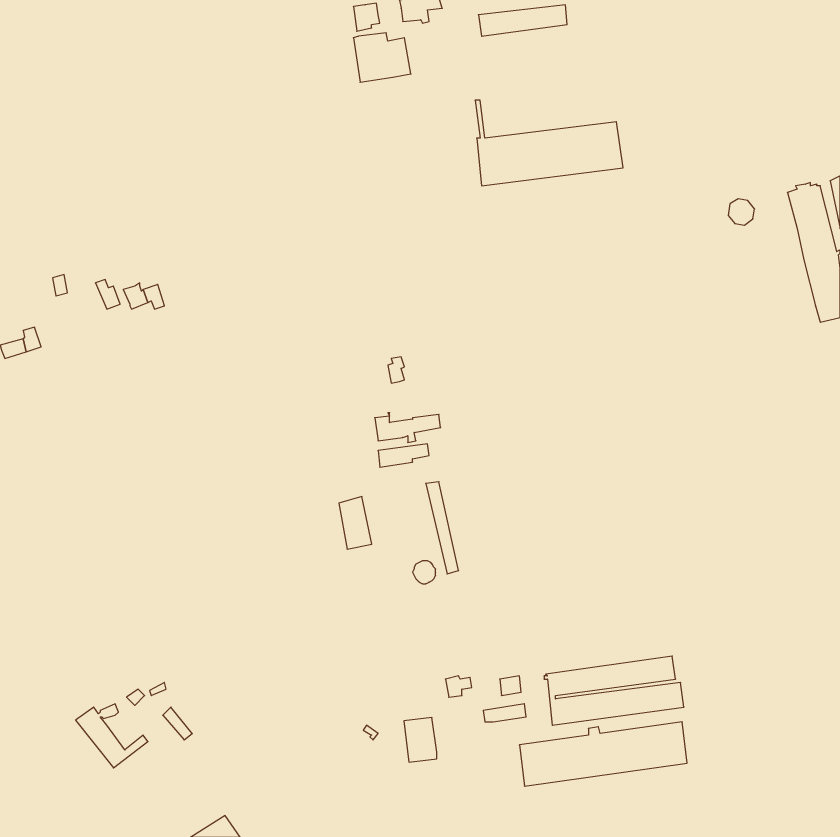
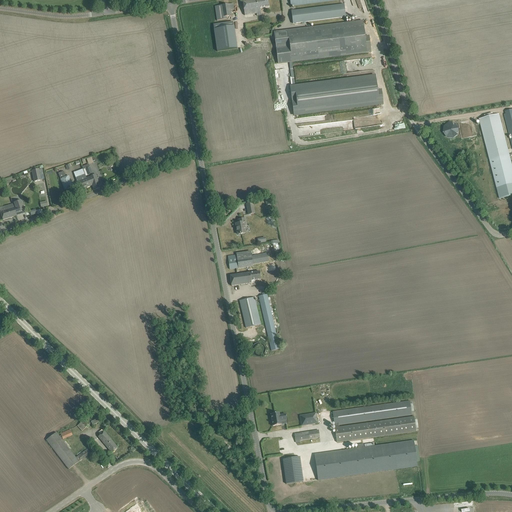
building: none -> [274,19,371,63]
building: [339,497,372,549] -> [240,295,260,327]
building: [404,718,437,762] -> [283,455,303,482]

